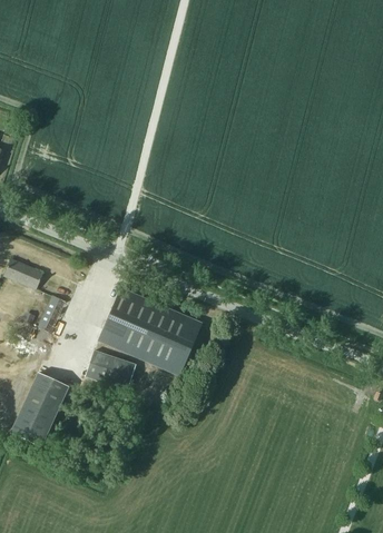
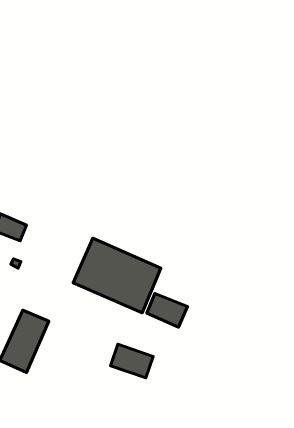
building: [85,351,136,391] -> [110,344,153,378]
building: none -> [147,294,187,327]

